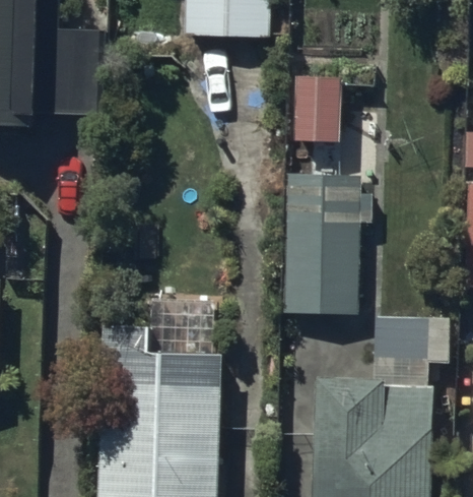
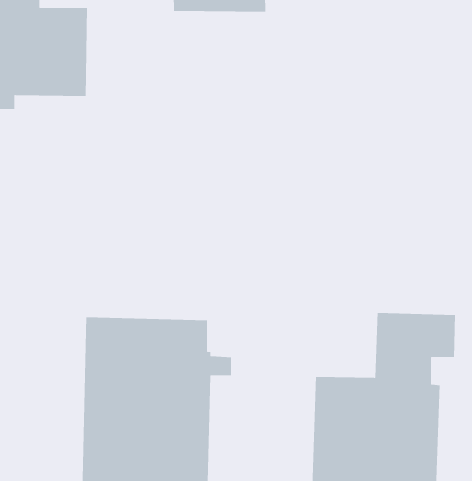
building: [284,76,371,313] -> none

